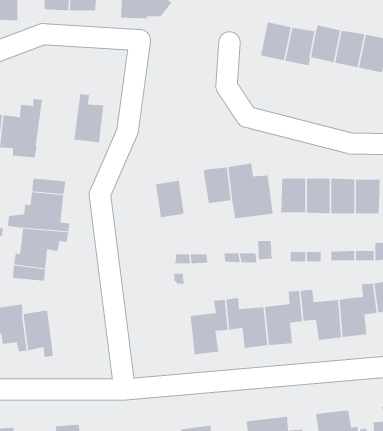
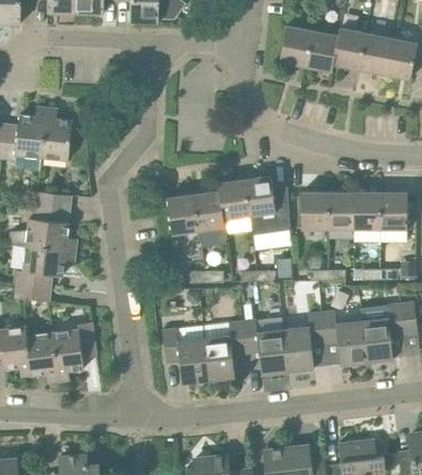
building: [73,94,104,143] -> [40,108,73,160]
building: none -> [193,191,226,243]
building: none -> [52,322,96,381]
building: none -> [162,329,208,382]

